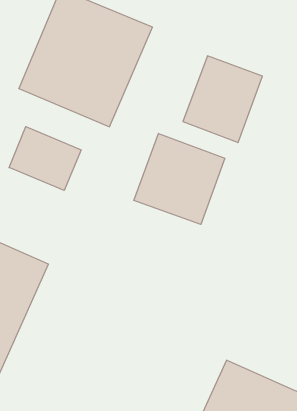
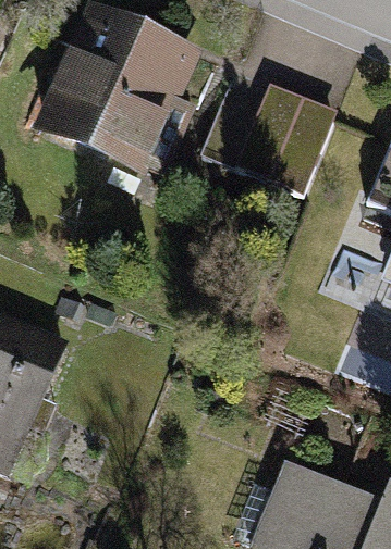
building: [9,127,81,190] -> none
building: [134,133,225,224] -> none

